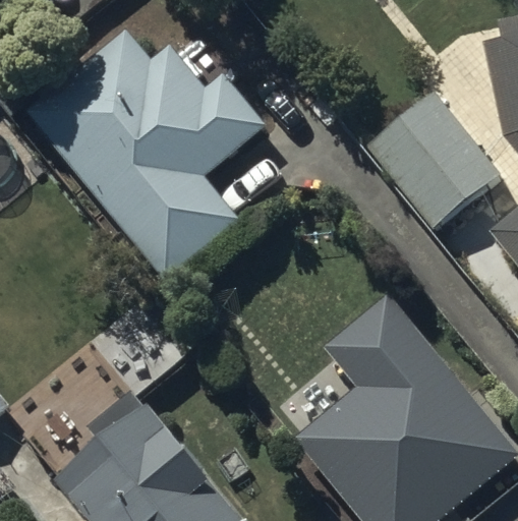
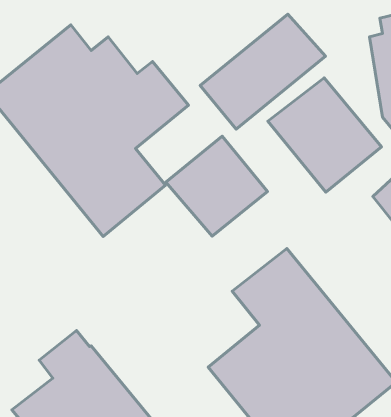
building: none -> [200,14,326,129]
building: none -> [166,136,268,236]

